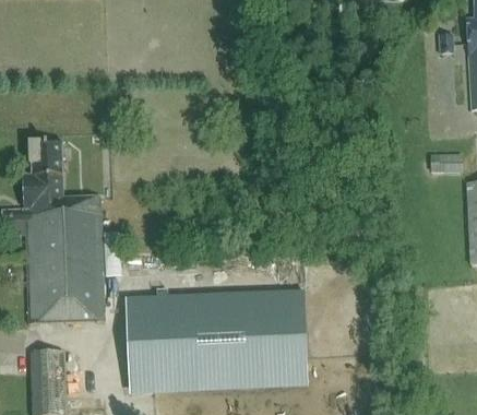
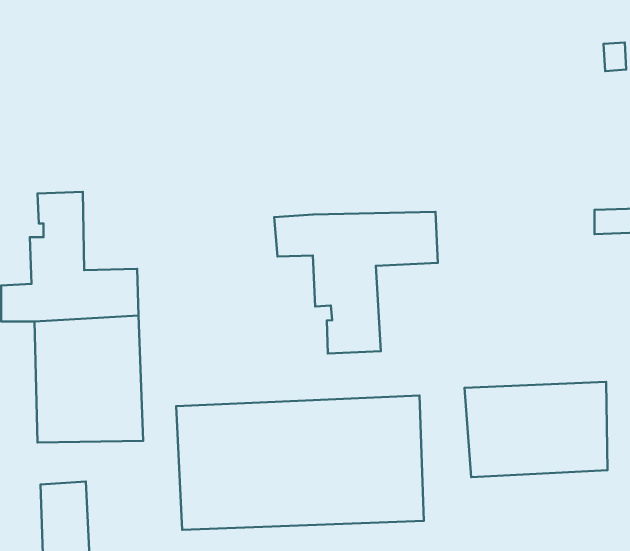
building: none -> [274,212,438,353]
building: none -> [465,382,607,477]

